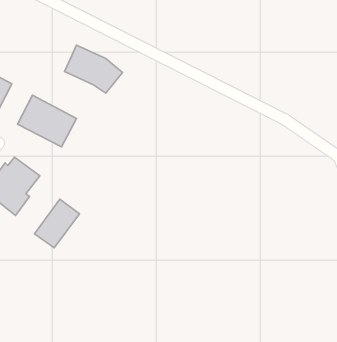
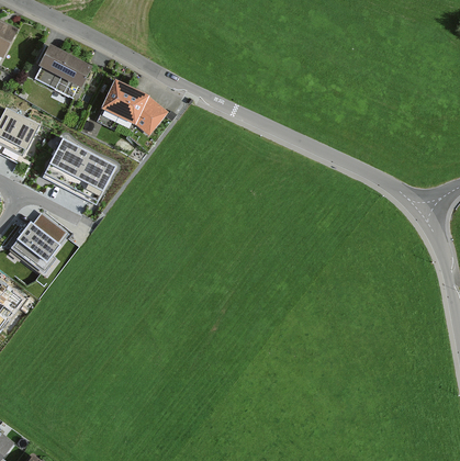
building: none -> [32,45,89,99]
building: [35,199,80,248] -> none

